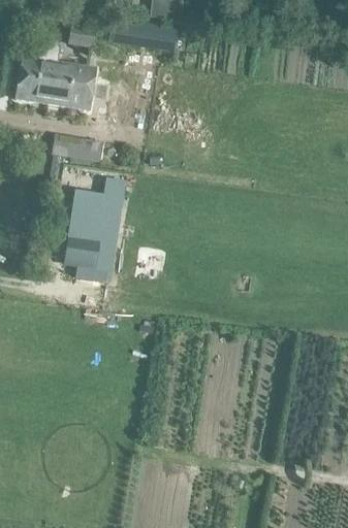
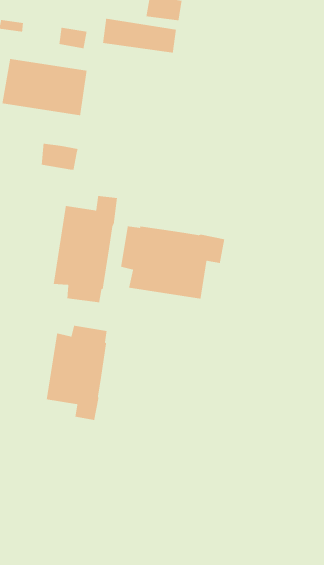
building: none -> [120,225,225,299]
building: none -> [46,325,107,421]

